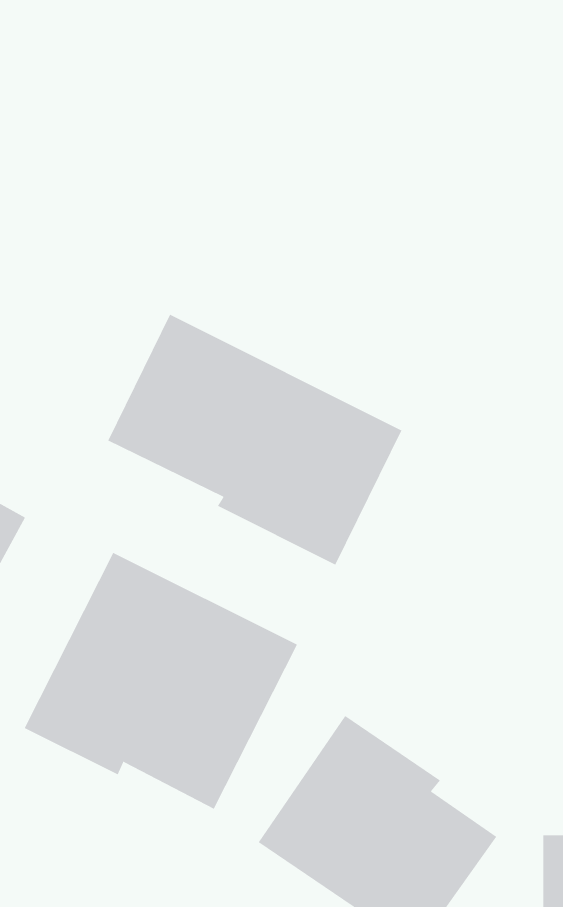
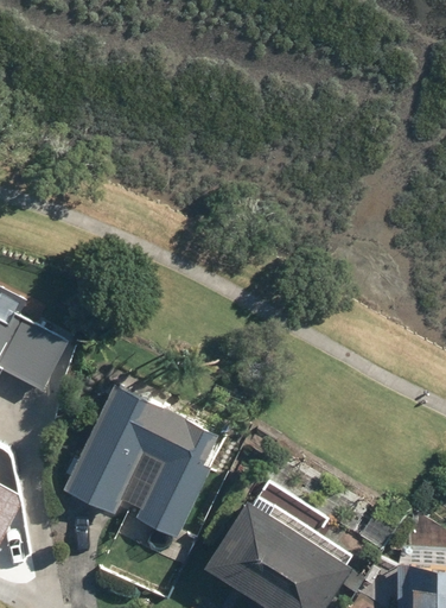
building: [107,314,402,565] -> none

